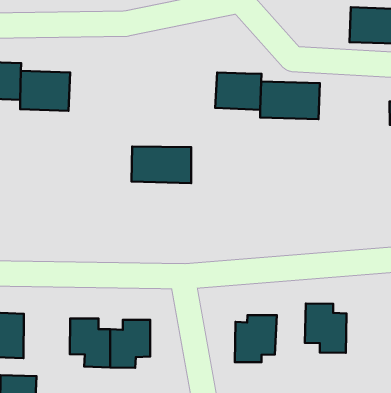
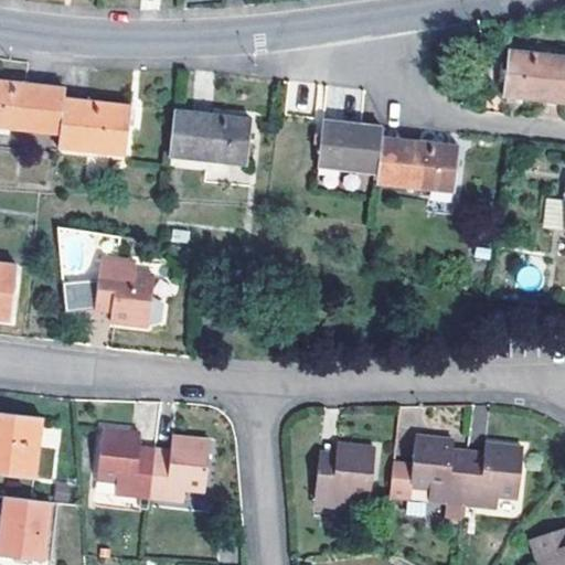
building: [132,146,191,183] -> [169,110,252,166]
building: none -> [60,256,160,324]
building: none -> [462,443,523,509]

